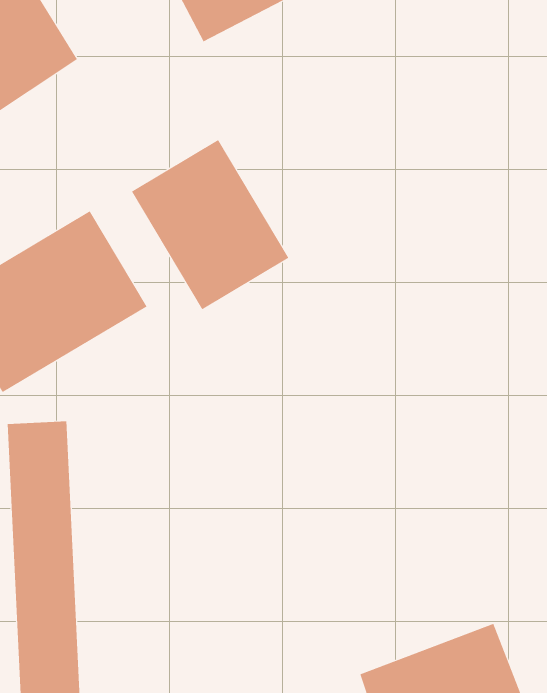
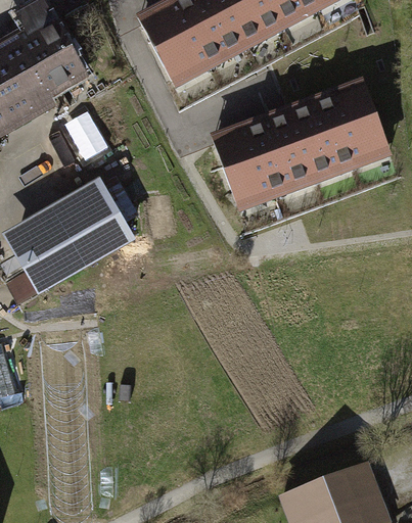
building: none -> [214,73,385,199]
building: [131,139,289,310] -> none

